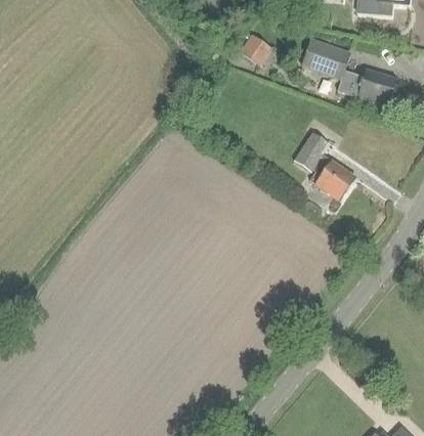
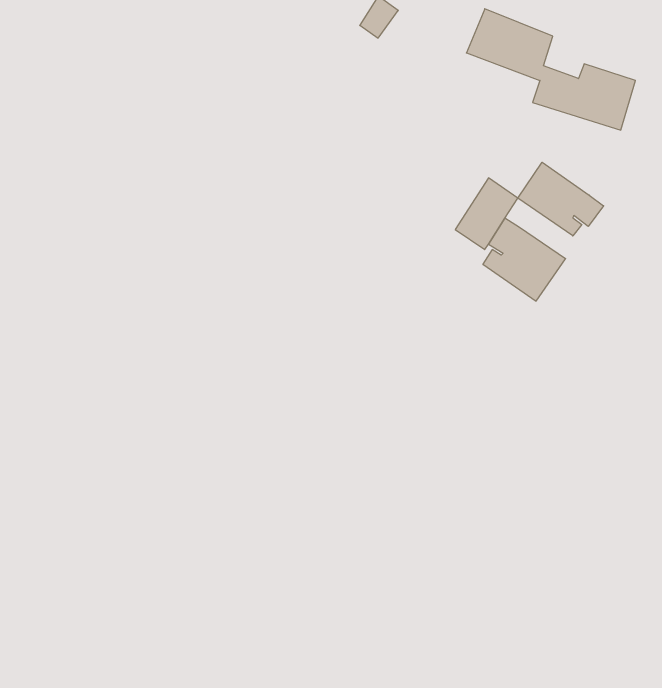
building: none -> [518,162,604,236]

